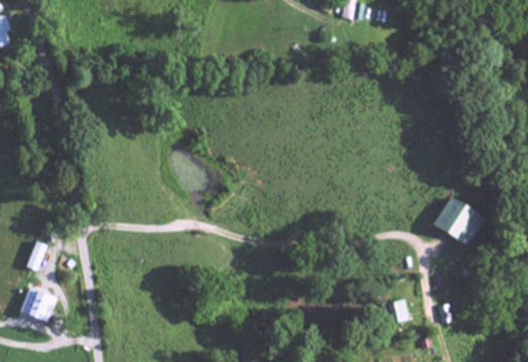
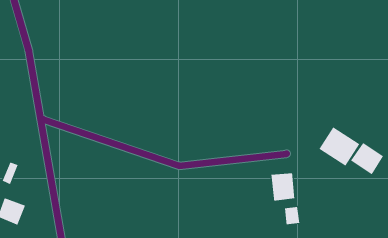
building: none -> [350,142,384,175]
building: none -> [271,173,295,202]

